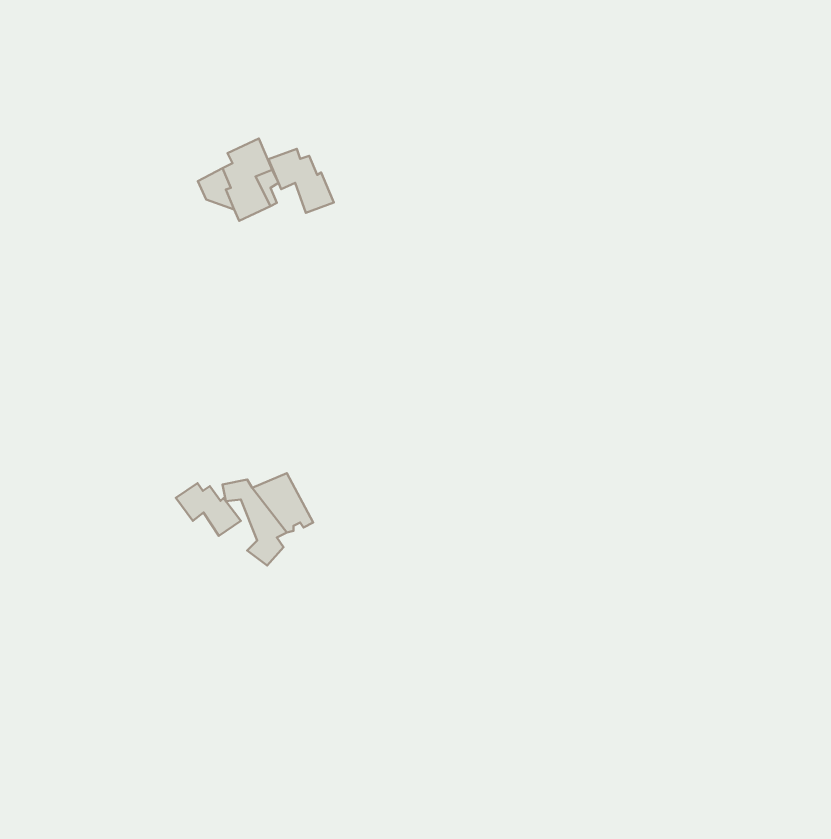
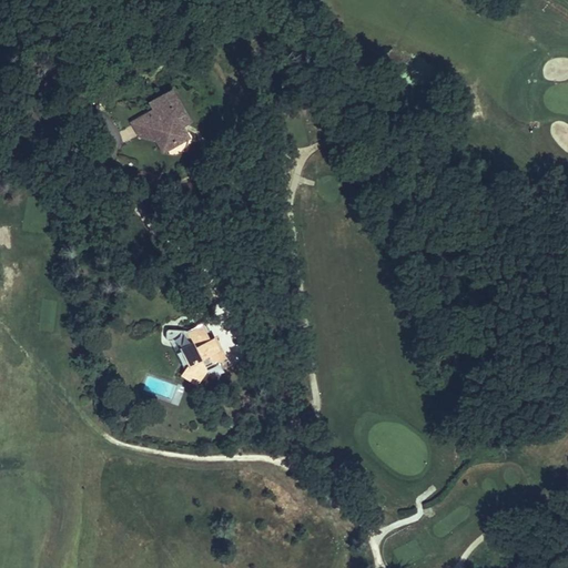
building: [269,149,334,213] -> none
building: [176,483,241,536] -> none

